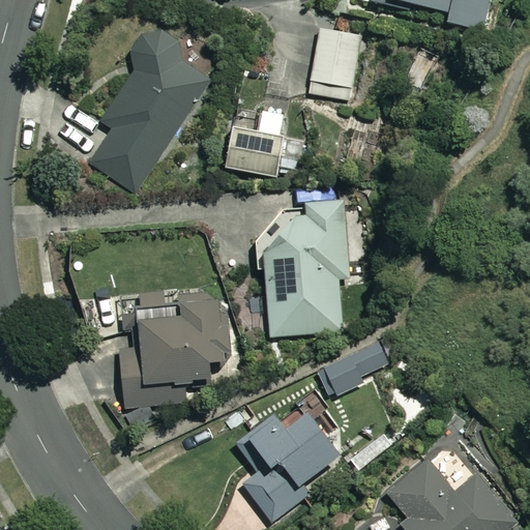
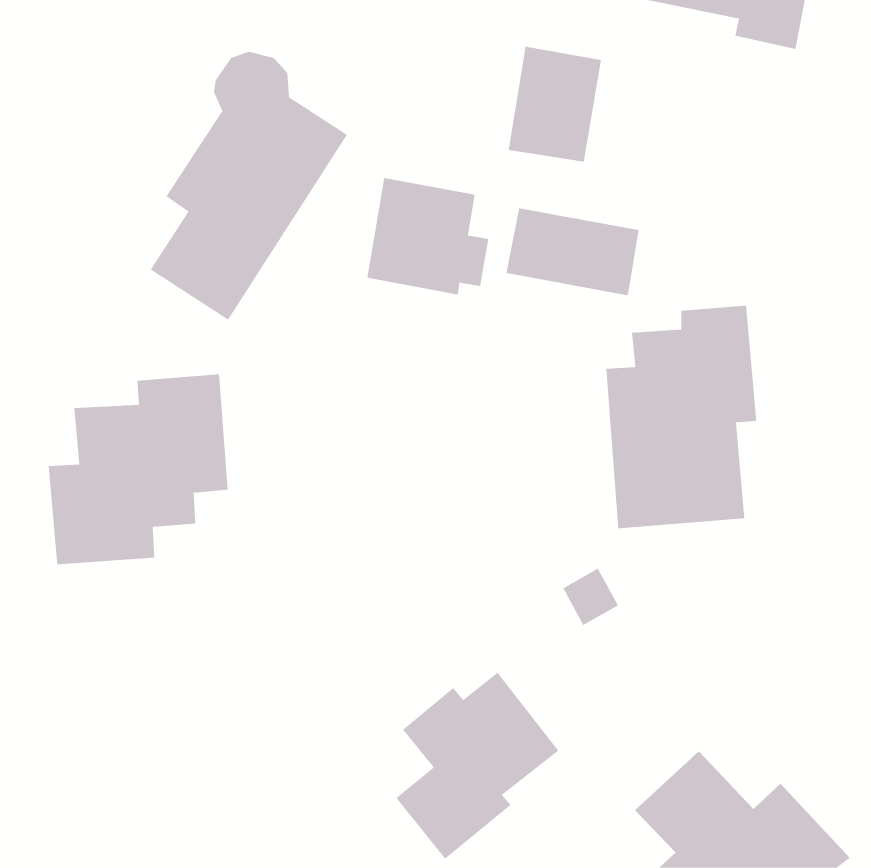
building: none -> [506,207,639,296]
building: [260,203,352,338] -> [605,305,757,529]
building: [118,292,228,408] -> [48,374,228,565]

